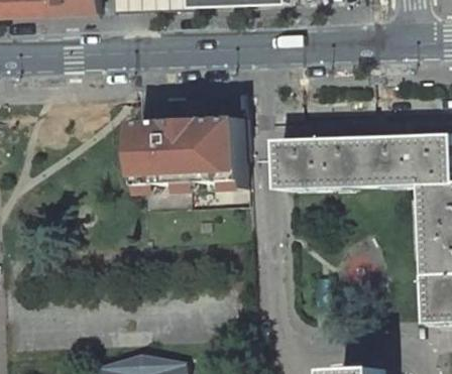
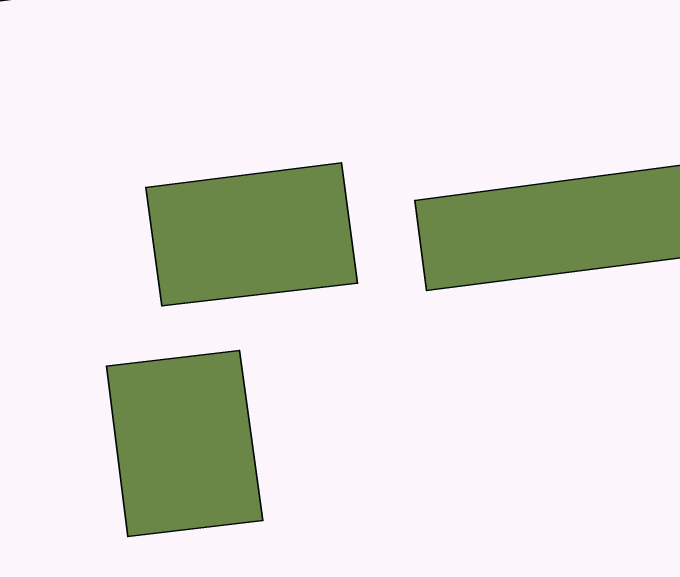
building: none -> [107,351,263,536]

